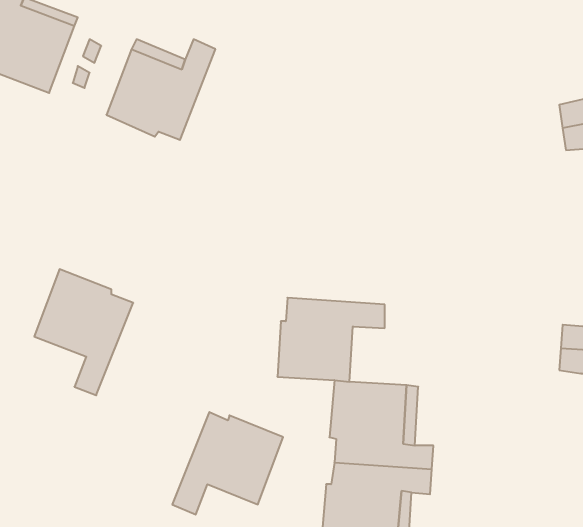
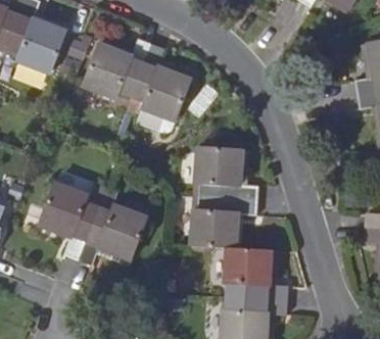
building: none -> [130,46,189,123]
building: none -> [193,149,255,201]
building: [172,412,283,515] -> [79,200,146,262]

